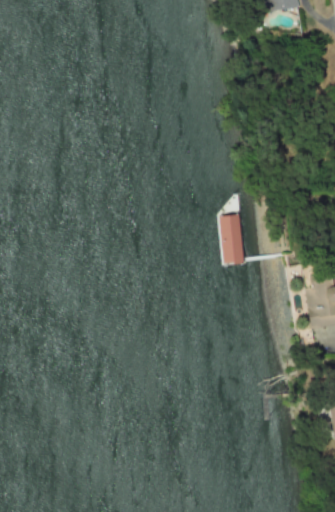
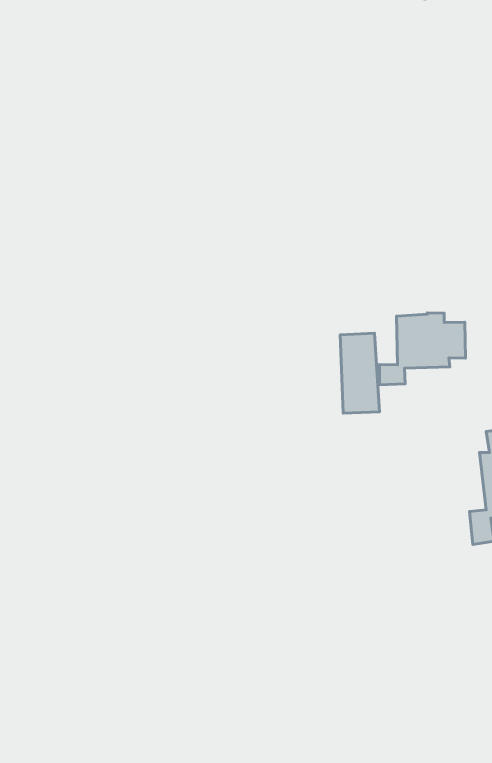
building: none -> [379,313,466,385]

